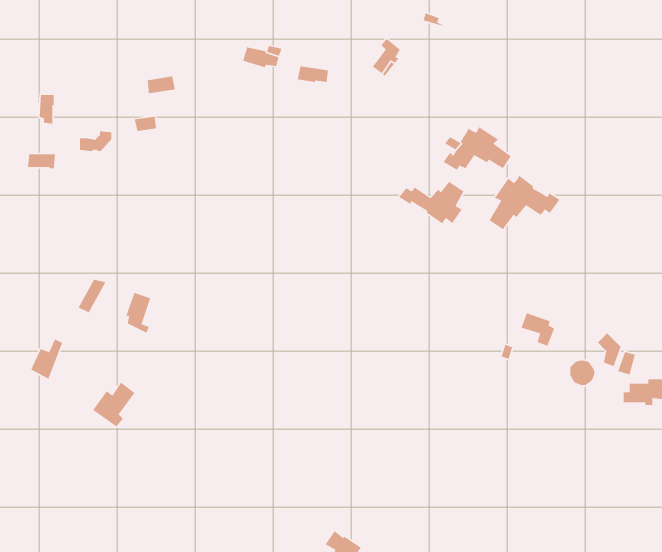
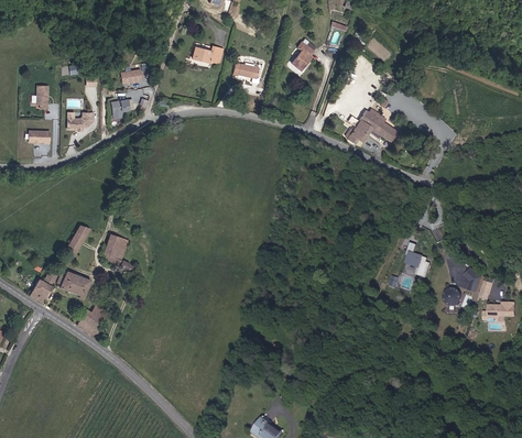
building: [489,175,561,230] -> none
building: [398,181,464,224] -> none
building: none -> [55,272,91,299]

